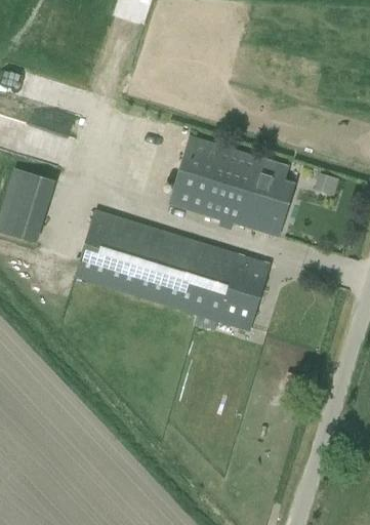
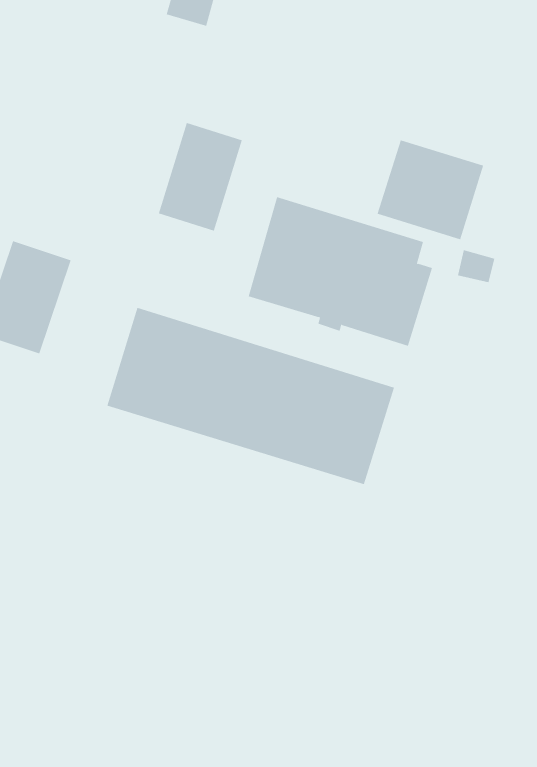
building: none -> [158,122,242,232]
building: none -> [377,139,484,240]

